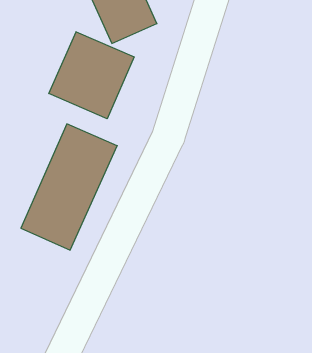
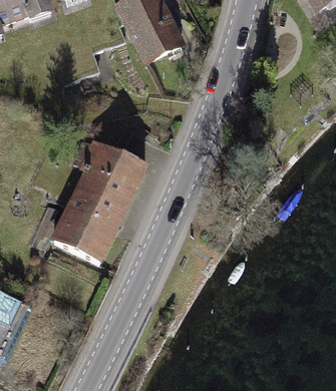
building: [49,32,134,119] -> none

